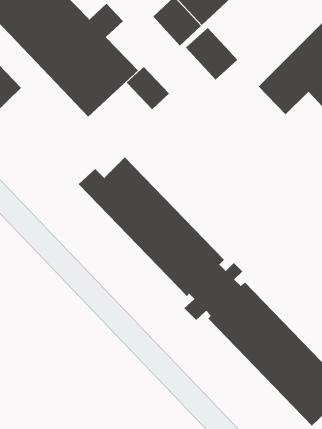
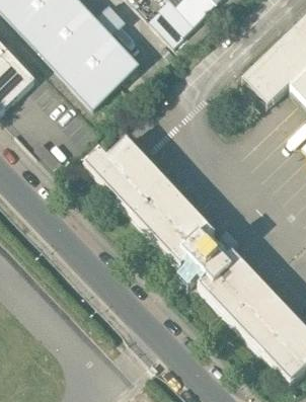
building: [185,27,238,80] -> none
building: [126,66,170,110] -> none

